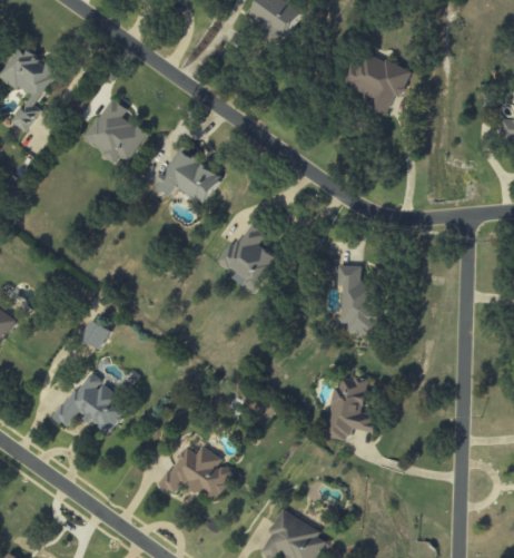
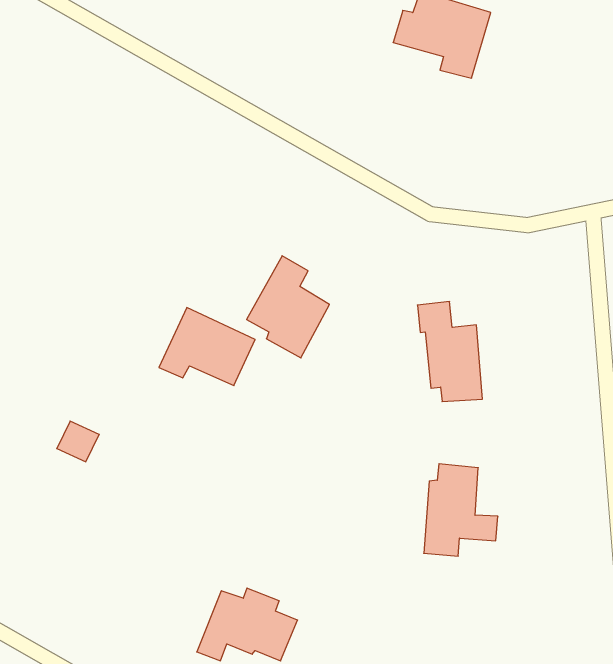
building: [85,94,151,163] -> none
building: [155,147,223,204] -> [159,308,255,386]
building: [56,370,128,433] -> none

